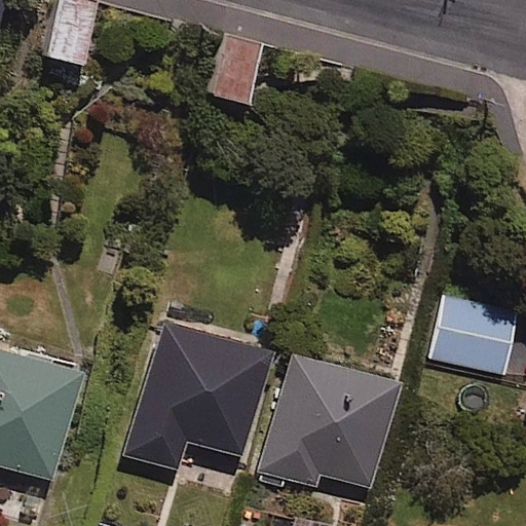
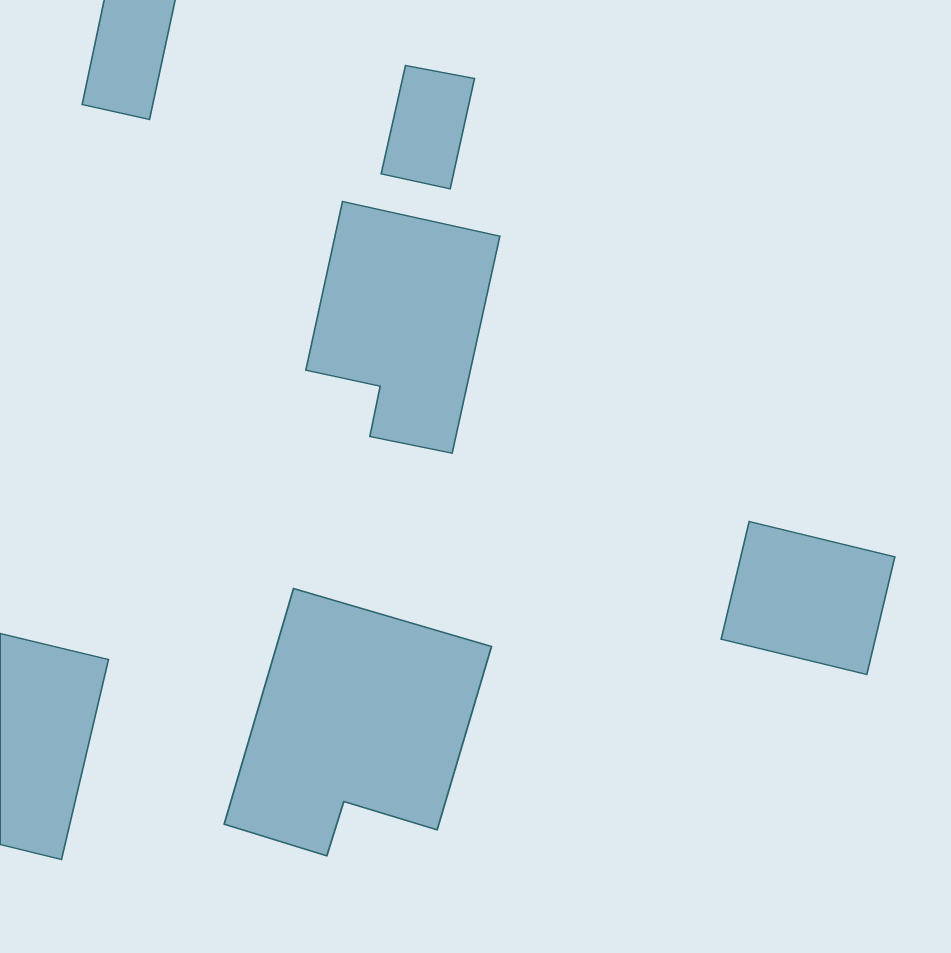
building: none -> [306,201,500,453]
building: [260,354,400,487] -> none

